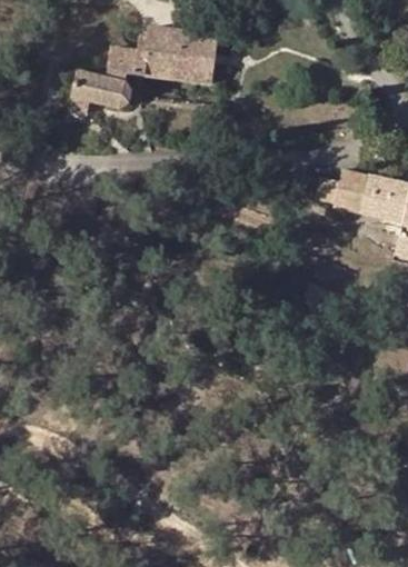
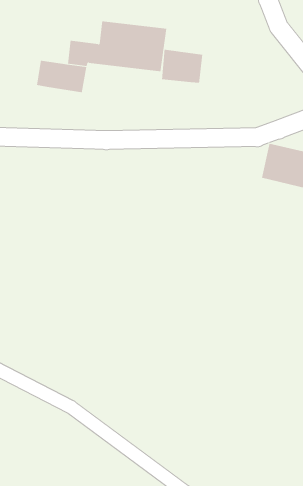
building: none -> [161,49,203,84]

